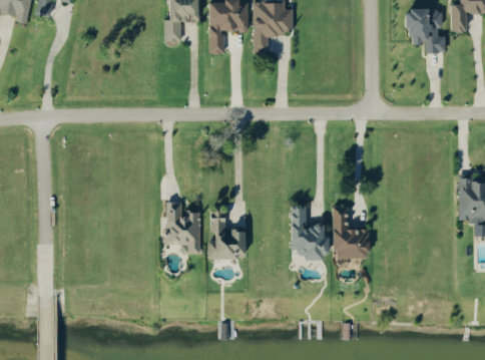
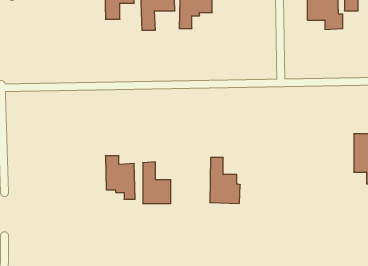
building: [332,206,369,257] -> none

